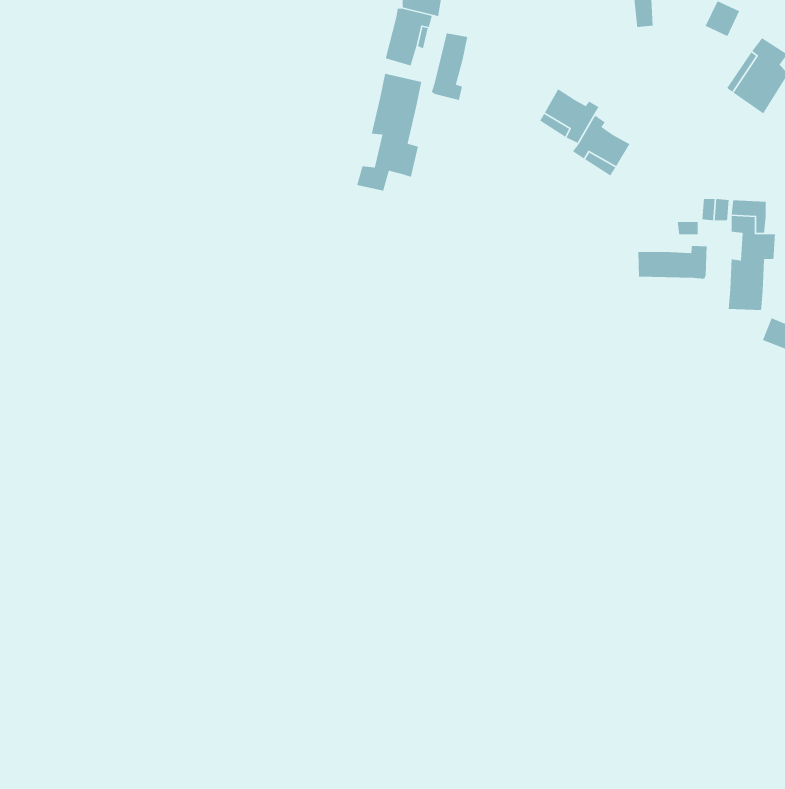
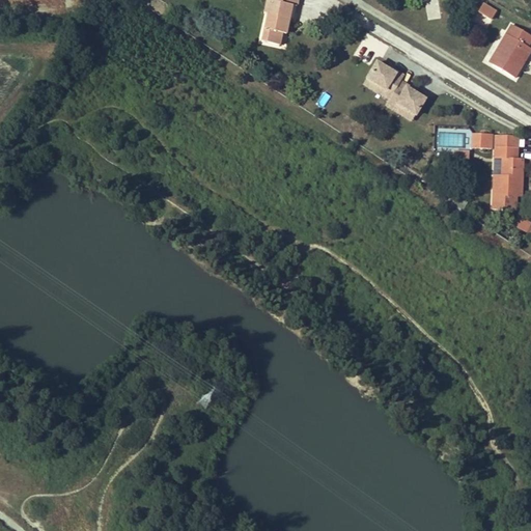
building: [431,32,468,101] -> none
building: [356,73,422,192] -> none
building: [638,245,707,280] -> none

